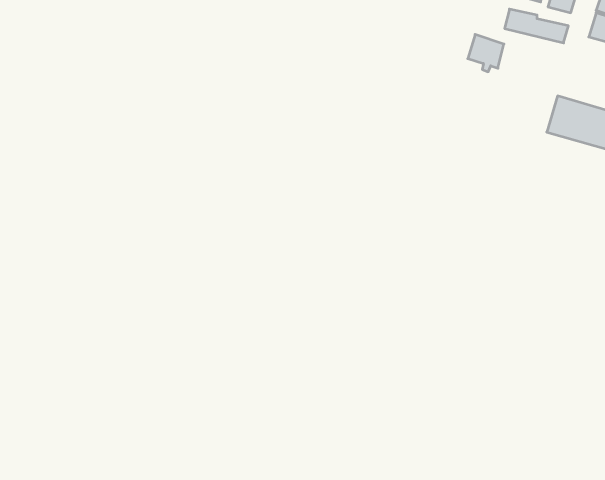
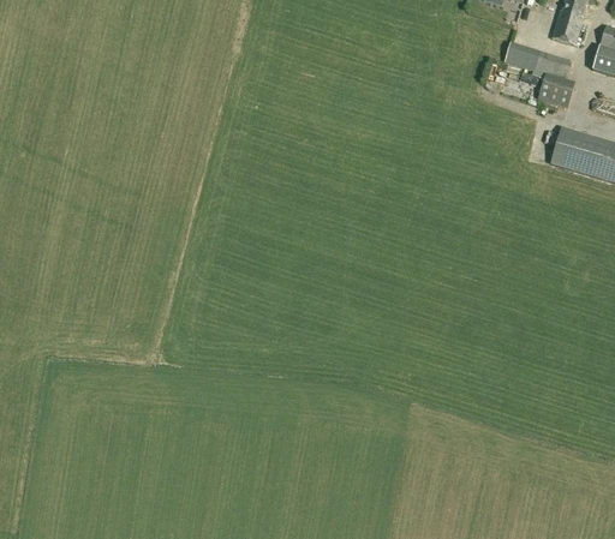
building: [468,34,504,72] -> [538,73,574,110]

